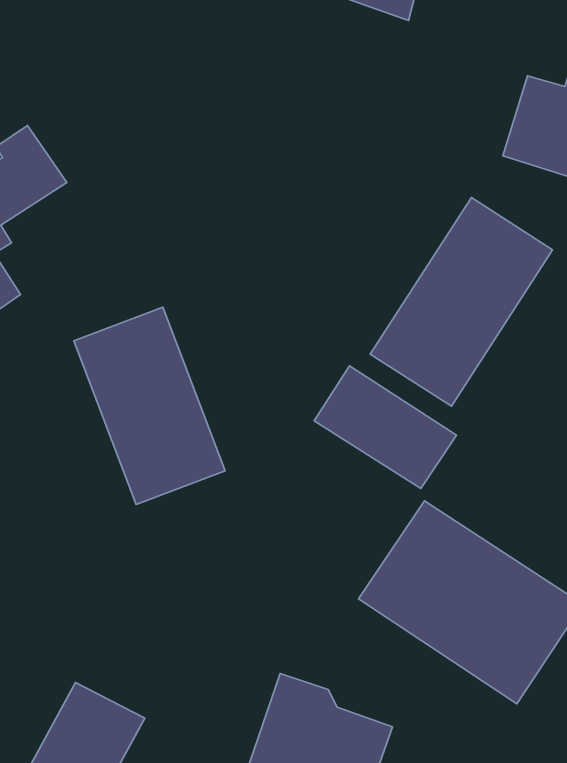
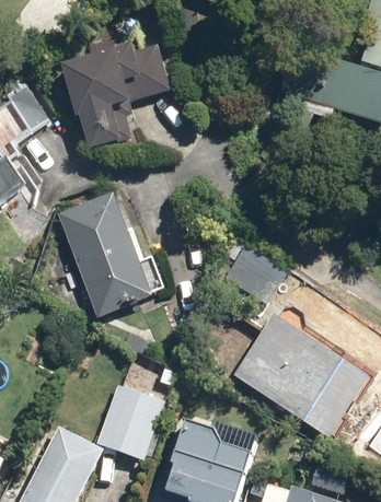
building: none -> [68,43,172,150]
building: [370,197,552,406] -> none
building: none -> [96,383,163,458]

